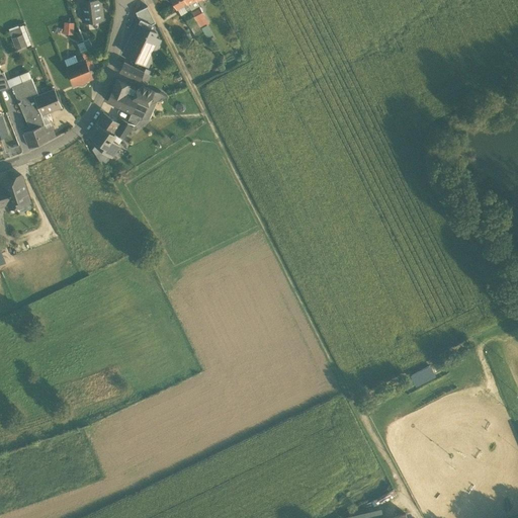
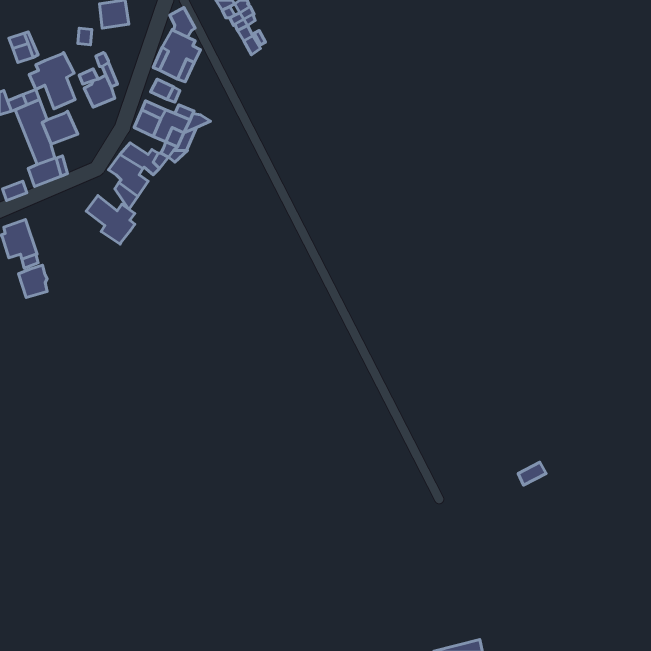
building: none -> [29,53,75,109]
building: none -> [86,195,135,244]
building: none -> [18,265,47,297]

